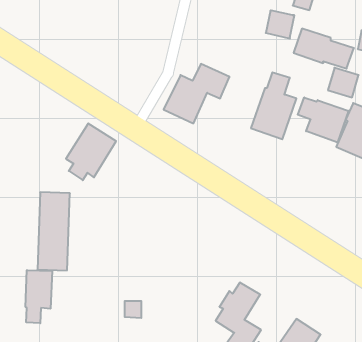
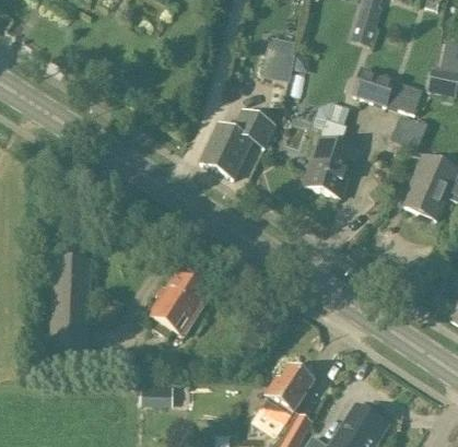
building: [266,11,294,39] -> [259,48,293,81]
building: [298,97,348,143] -> none
building: [66,123,116,180] -> [149,271,208,338]
building: [26,270,52,323] -> none

